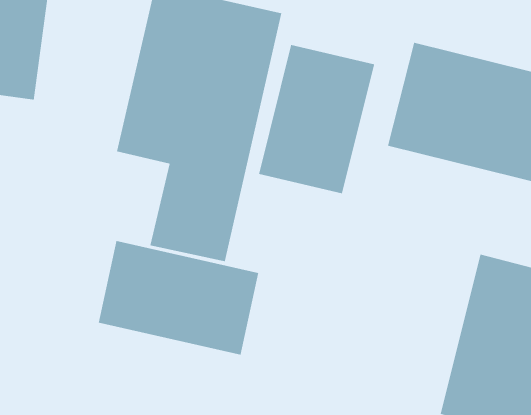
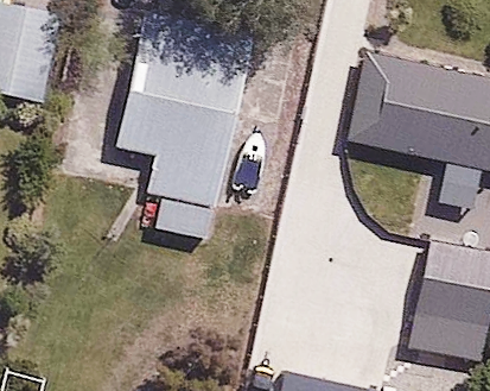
building: [259,44,375,194] -> none
building: [98,240,259,356] -> none

